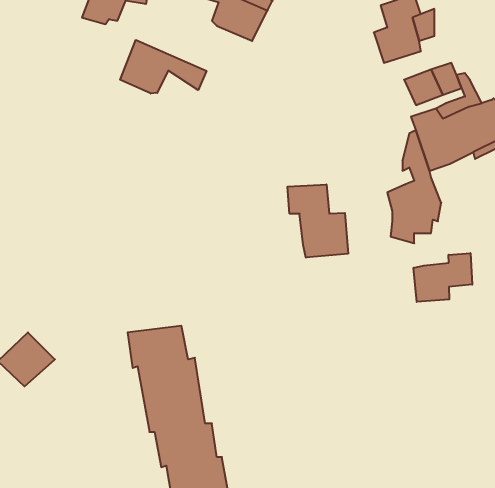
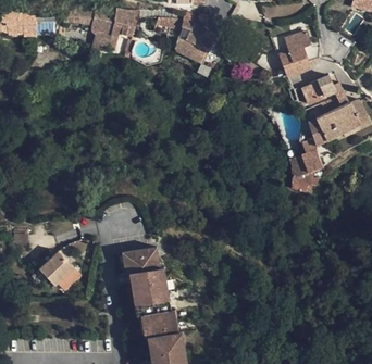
building: [120,40,206,94] -> none
building: [288,184,348,258] -> none
building: [414,253,472,302] -> none

